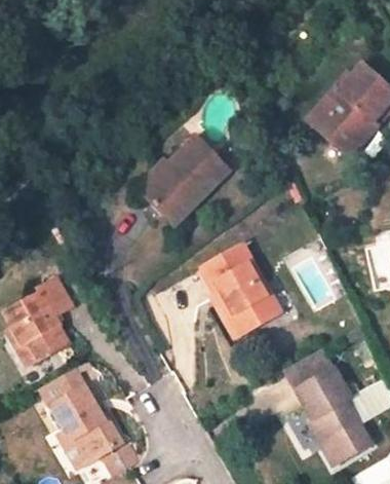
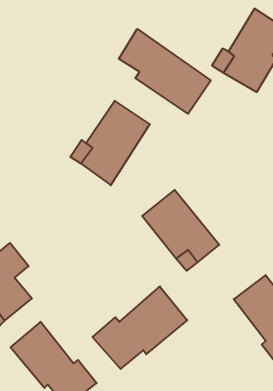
building: none -> [119,29,211,114]
building: none -> [93,286,187,369]

